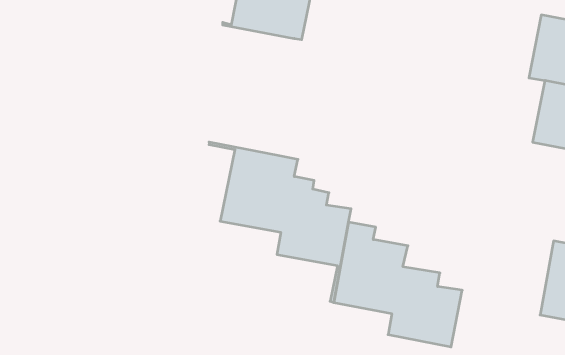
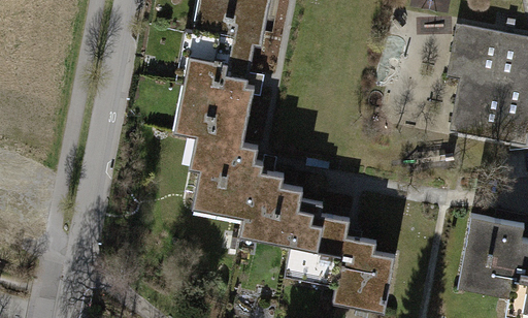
building: none -> [182,35,253,145]

